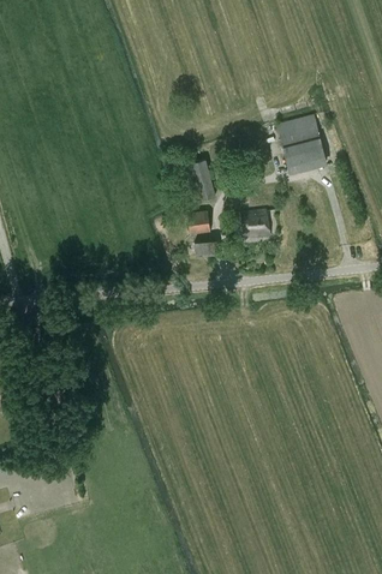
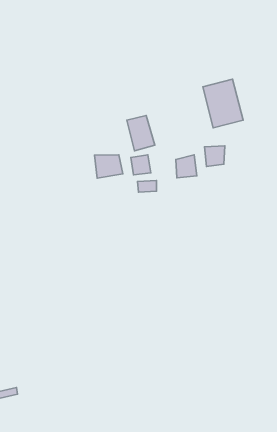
building: none -> [205,146,225,167]
building: none -> [95,155,123,178]

